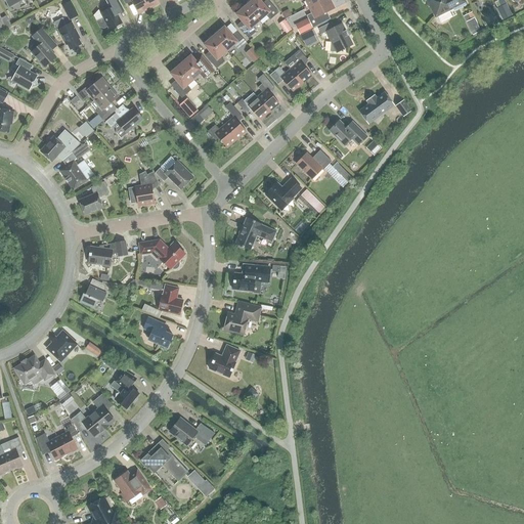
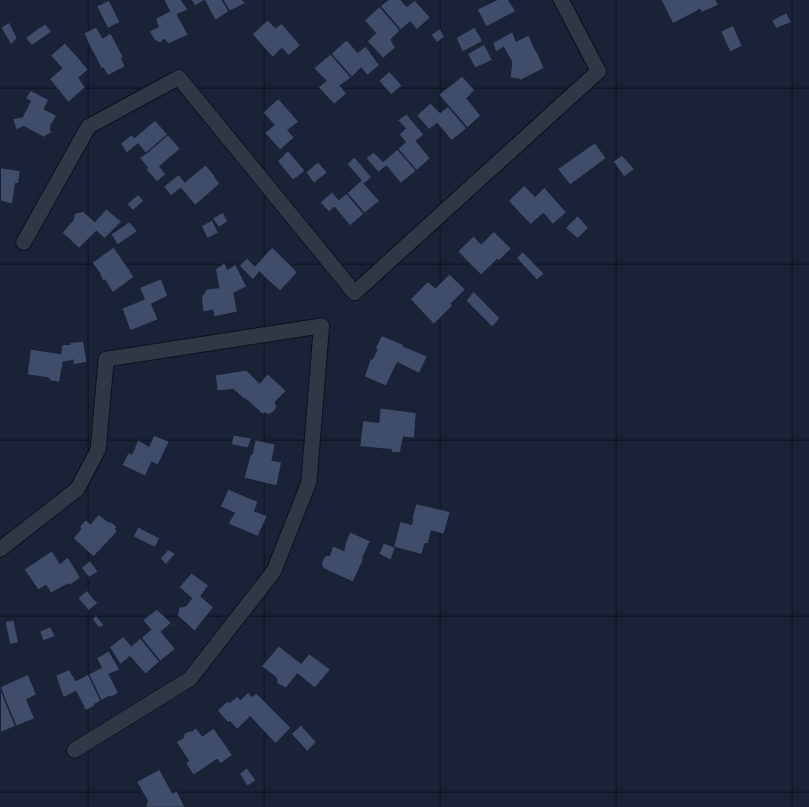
building: [180,54,212,79] -> [252,20,301,58]
building: [88,241,127,267] -> [27,341,87,382]
building: [224,301,261,334] -> [394,504,451,555]

